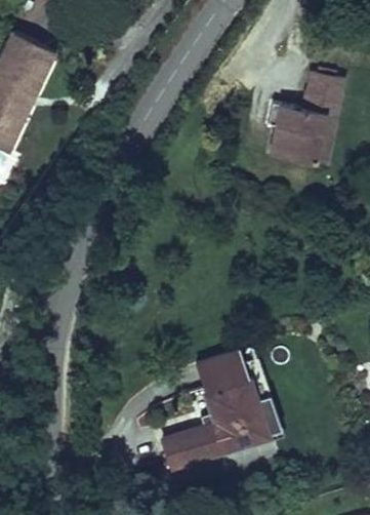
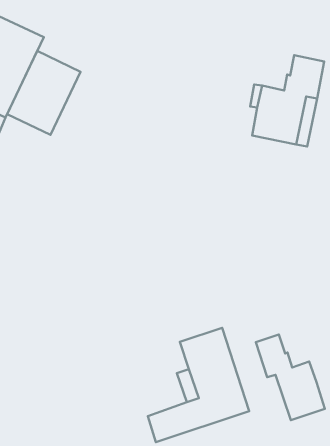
building: none -> [7,51,80,135]
building: none -> [256,335,325,420]

